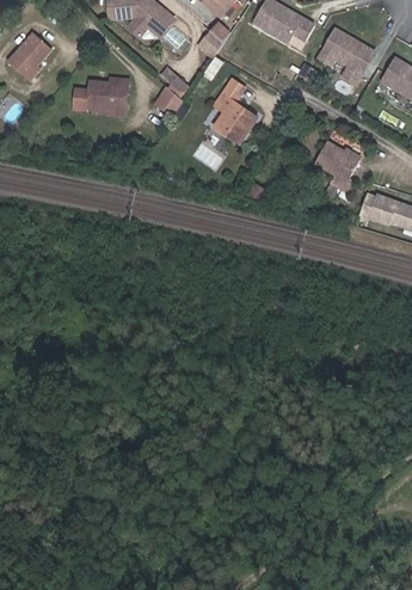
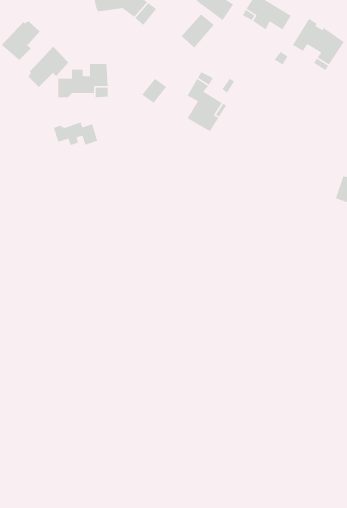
building: none -> [27,46,69,88]
building: none -> [53,121,98,146]
building: [308,145,350,195] -> none

